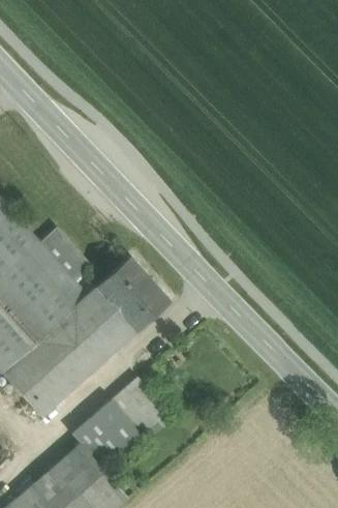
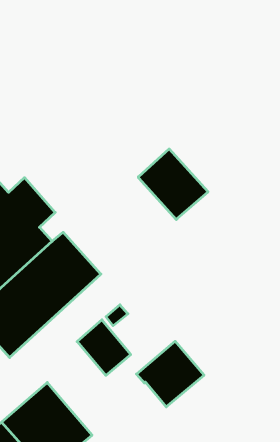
building: [97,257,170,330] -> [138,149,208,220]
building: [71,400,142,469] -> [136,341,204,407]

